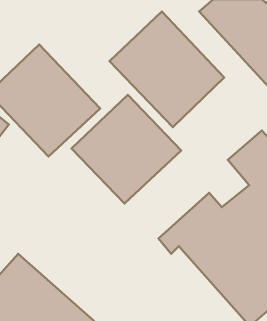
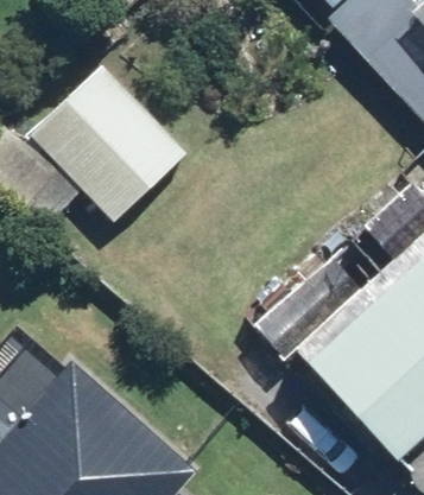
building: [109,11,224,127] -> none
building: [71,95,181,203] -> none

